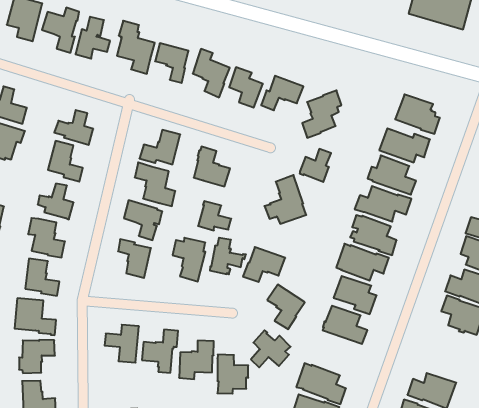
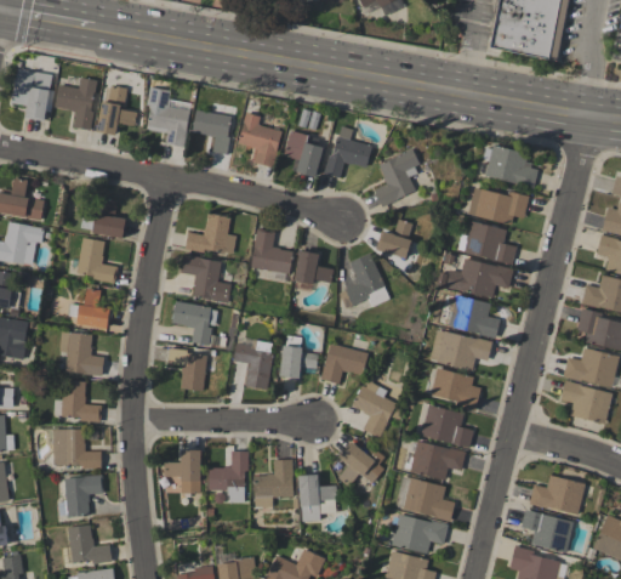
building: [198,201,231,230] -> [295,250,334,284]
building: none -> [410,439,466,479]

